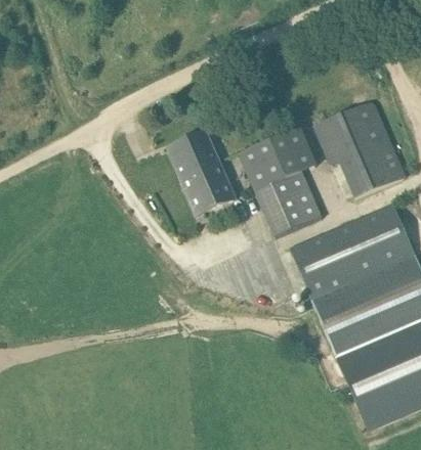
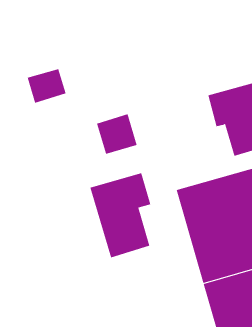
building: [238,127,322,237] -> [89,173,151,258]
building: [167,131,218,178] -> [27,68,66,103]

